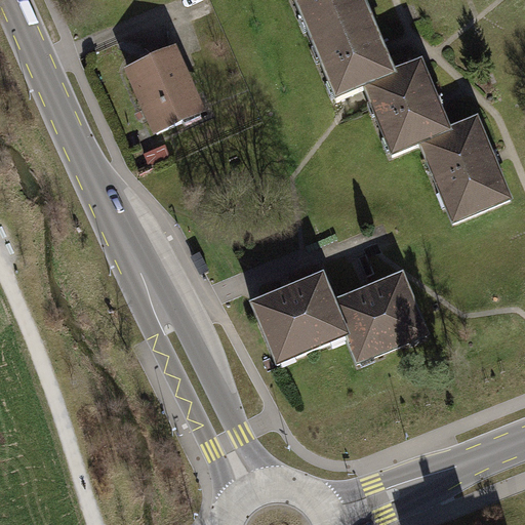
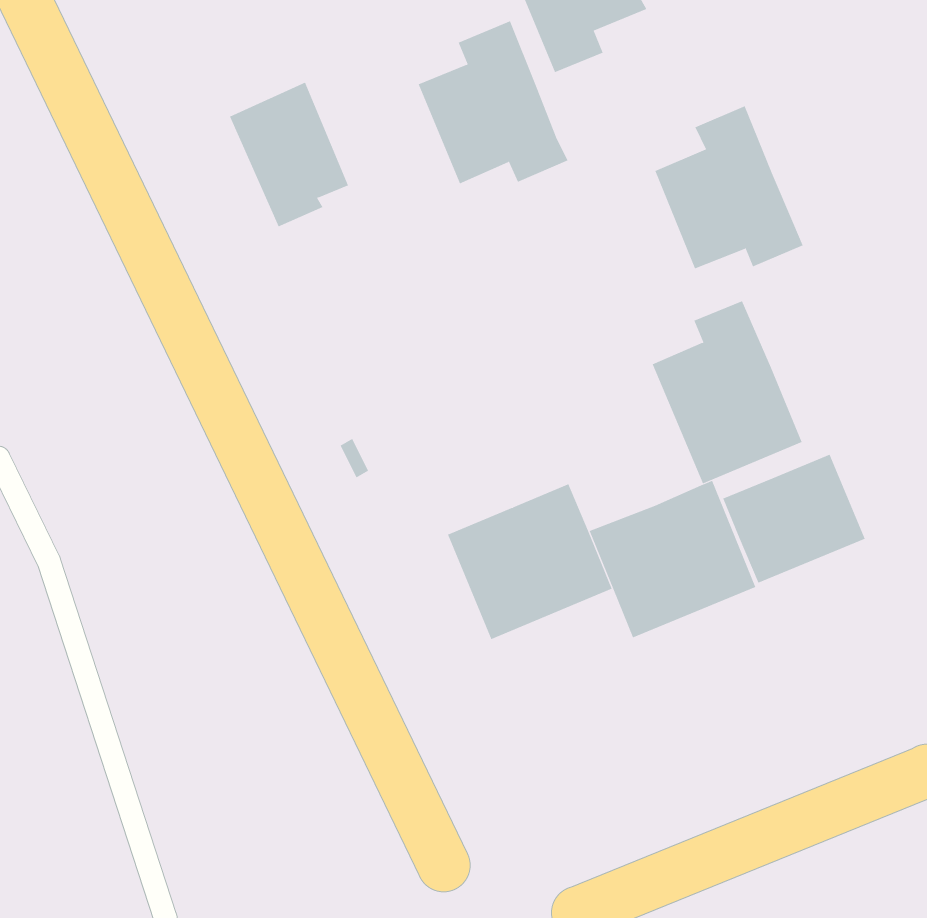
building: [313,5,398,97] -> [418,21,569,184]
building: [425,115,510,218] -> [652,300,803,484]
building: none -> [723,454,865,583]

